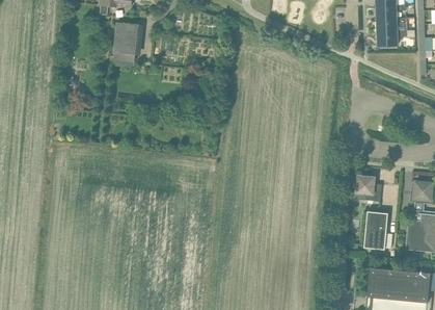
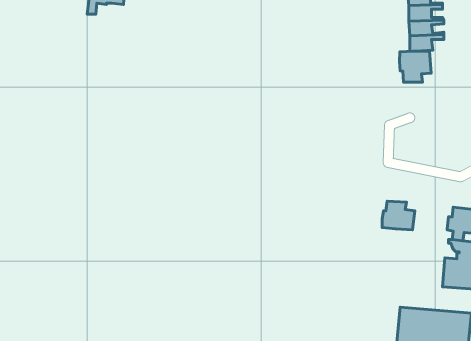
building: [112,22,138,62] -> none
building: none -> [400,51,431,82]
building: [363,211,387,249] -> none

